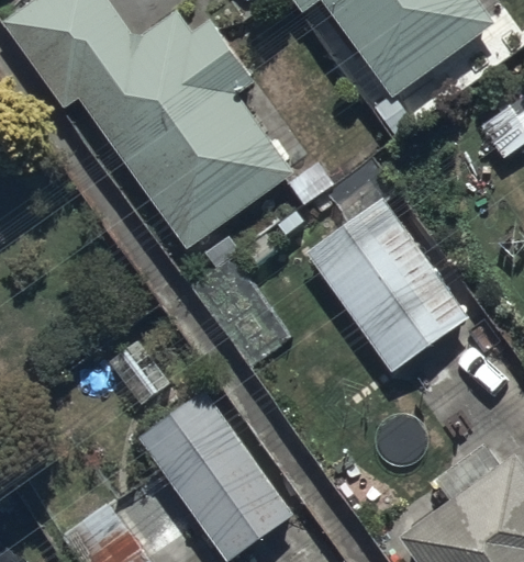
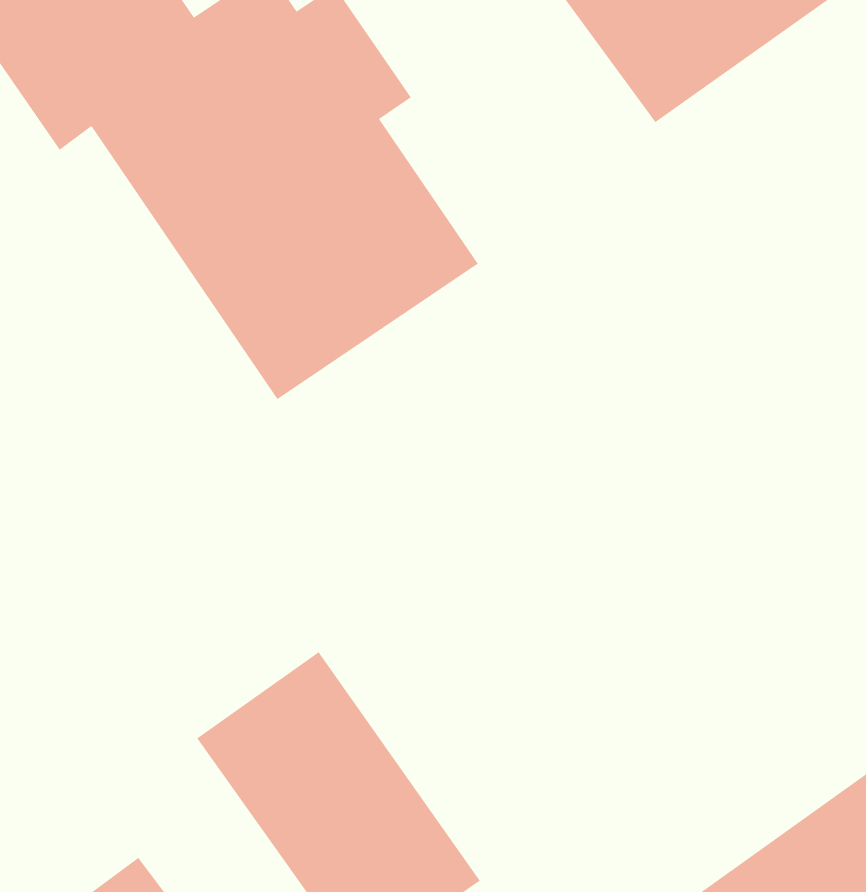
building: [308,194,469,369] -> none

